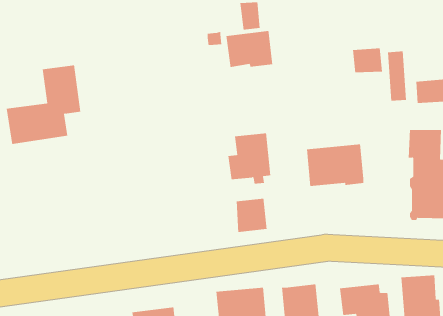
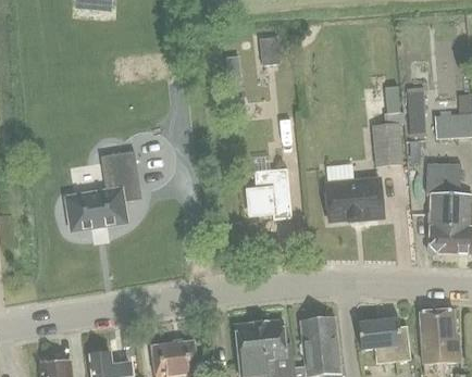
building: [226,30,273,68] -> none
building: [6,65,81,145] -> [64,152,139,231]
building: none -> [370,112,402,166]
building: [236,198,267,233] -> none

